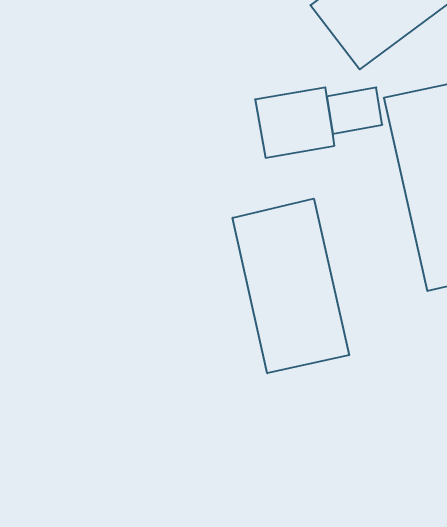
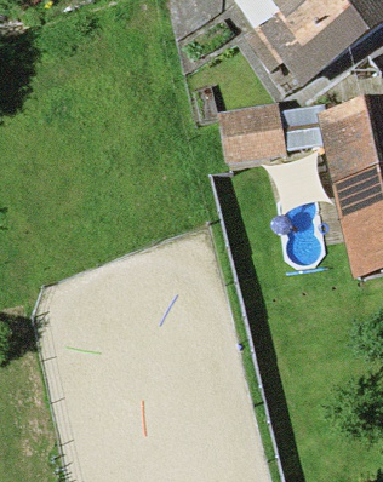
building: [233,199,349,373] -> none

